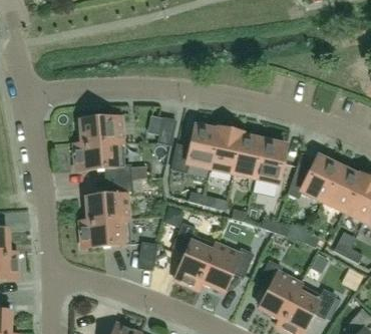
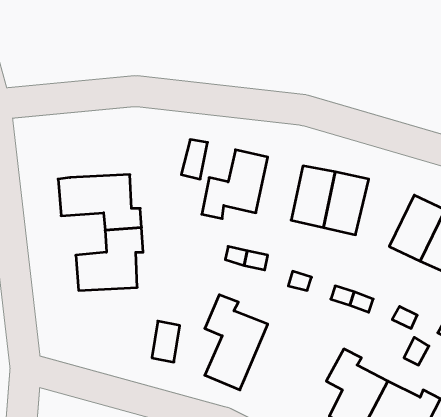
building: [80,115,123,142] -> none
building: [210,126,243,172] -> none
building: [80,218,130,246] -> none
building: [202,243,254,290] -> none

